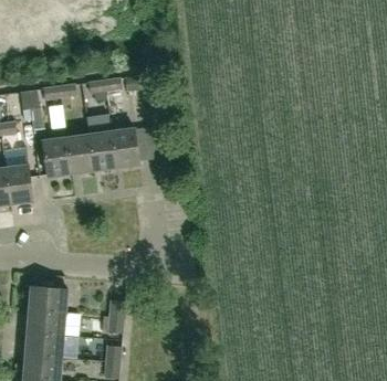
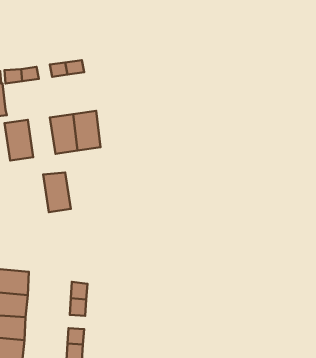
building: [65,135,93,174] -> [43,172,71,212]

